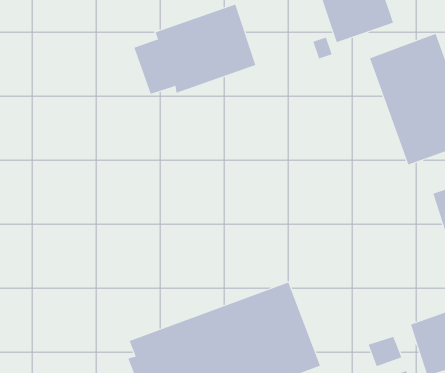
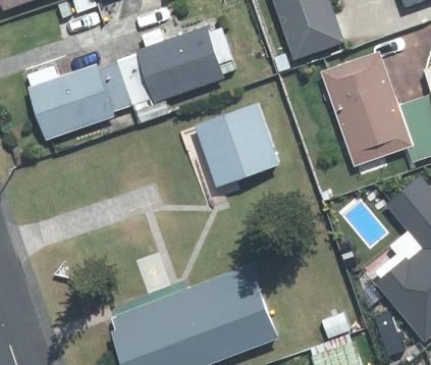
building: none -> [26,63,130,141]
building: none -> [195,103,278,186]

